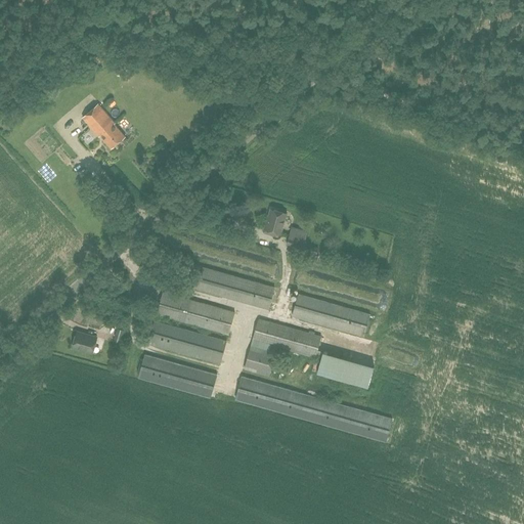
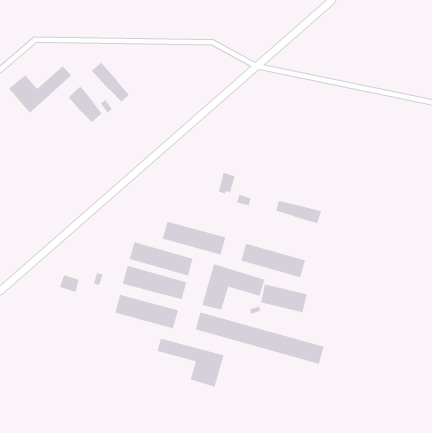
building: none -> [91,62,129,103]
building: none -> [8,65,72,113]
building: none -> [276,200,322,224]
building: none -> [157,338,224,387]

